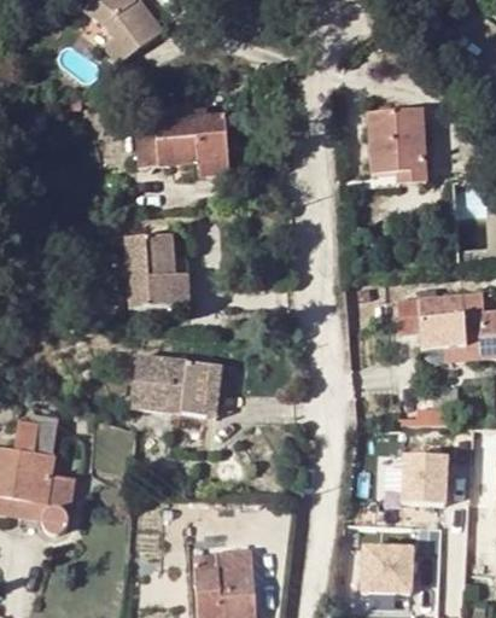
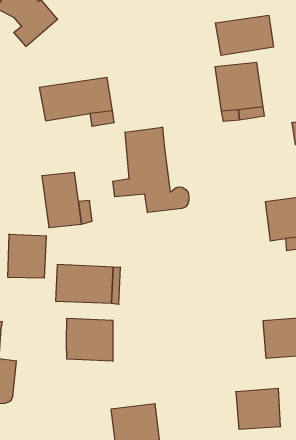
building: none -> [215,15,273,55]
building: none -> [113,127,189,213]
building: none -> [8,234,46,278]
building: none -> [66,318,113,361]

